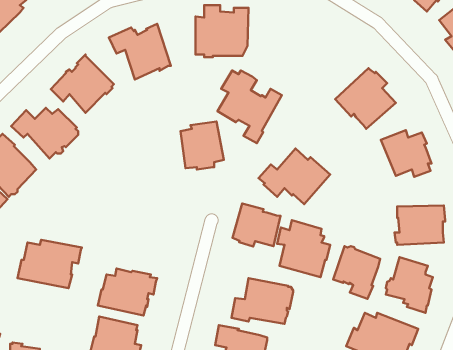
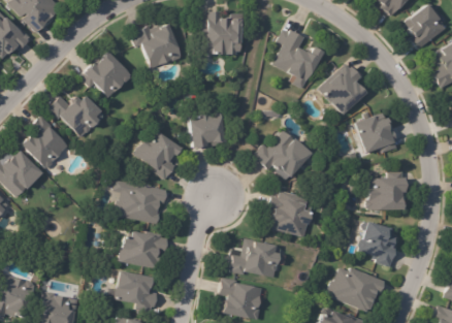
building: [217,70,282,143] -> [271,30,325,91]
building: none -> [134,129,183,182]
building: [233,203,281,246] -> none
building: [18,240,82,288] -> [115,184,168,224]
building: [333,246,380,299] -> none

